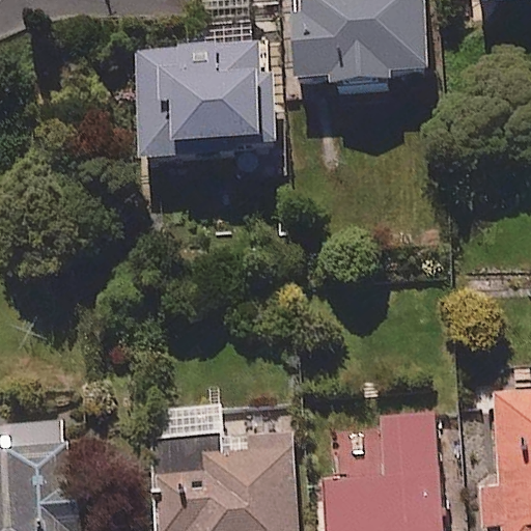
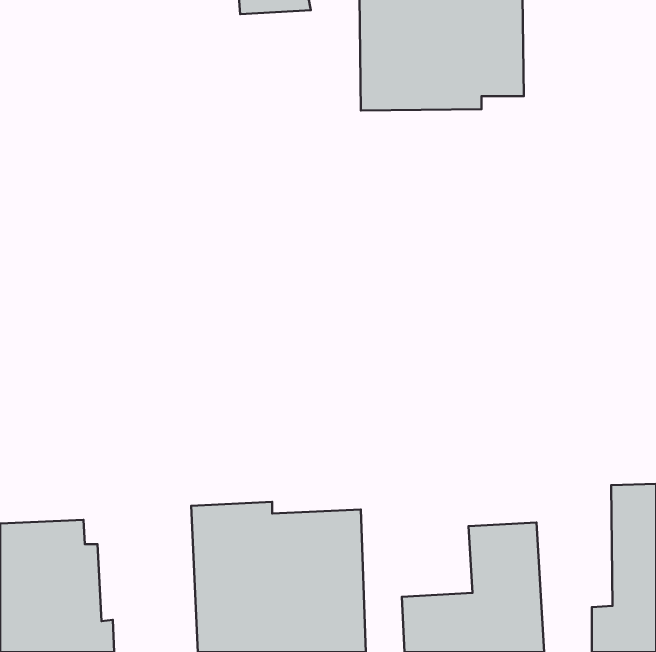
building: [133,44,276,165] -> none

